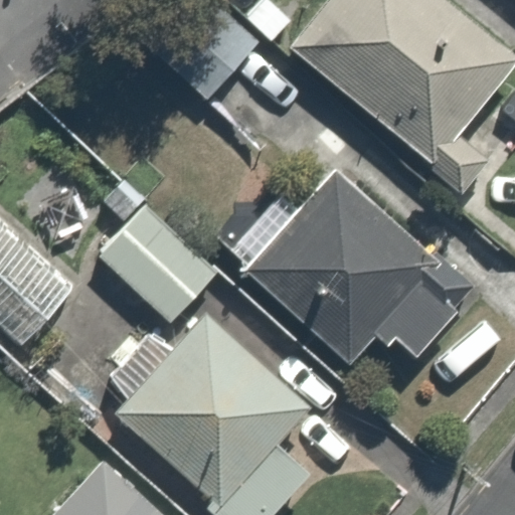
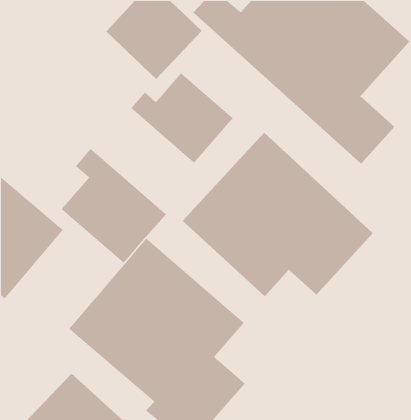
building: none -> [130,72,234,164]

